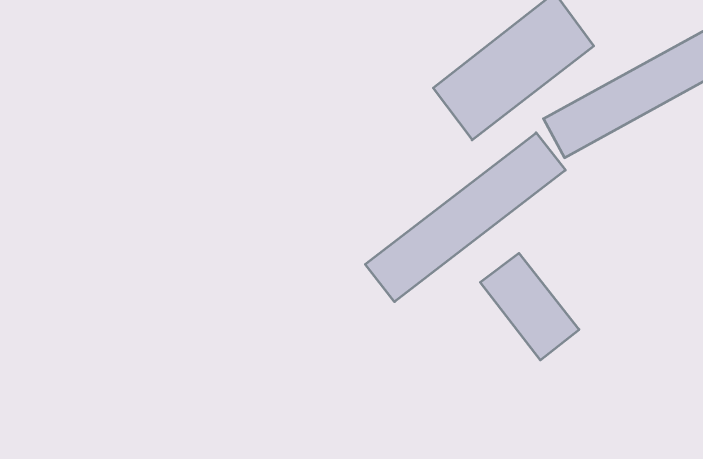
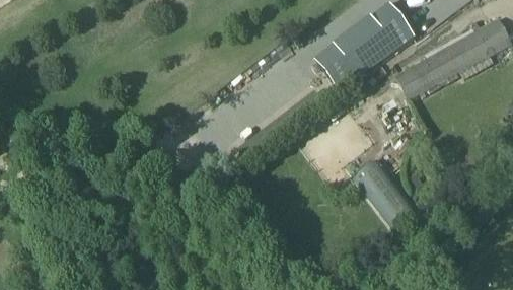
building: [365,133,565,302] -> none

